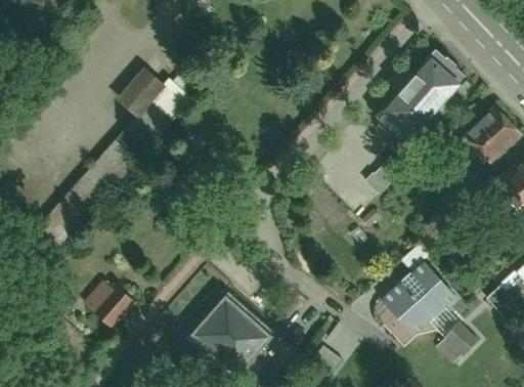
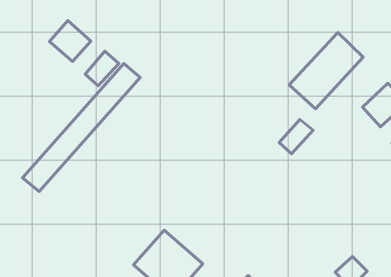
building: none -> [50,20,91,62]
building: [383,259,462,335] -> none
building: [89,285,130,327] -> none

